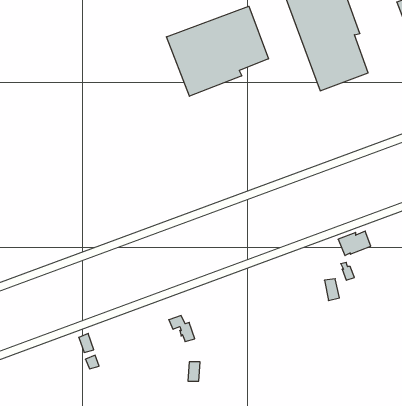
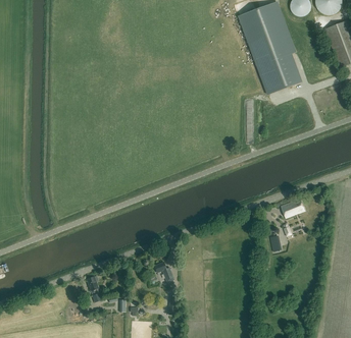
building: [166,6,268,96] -> none

